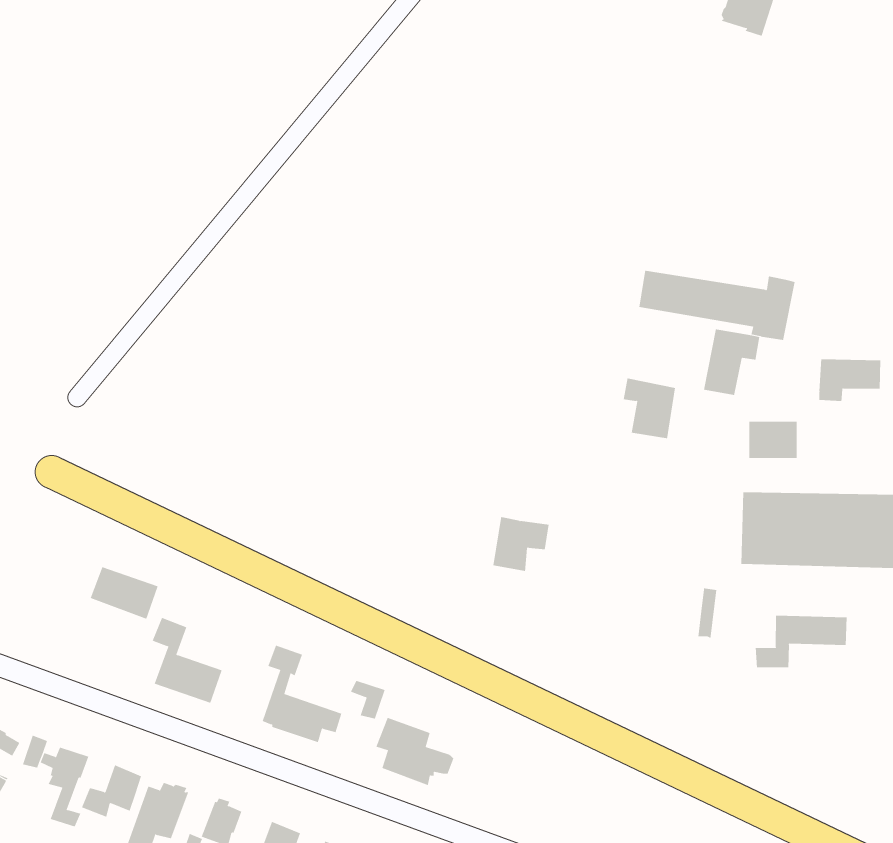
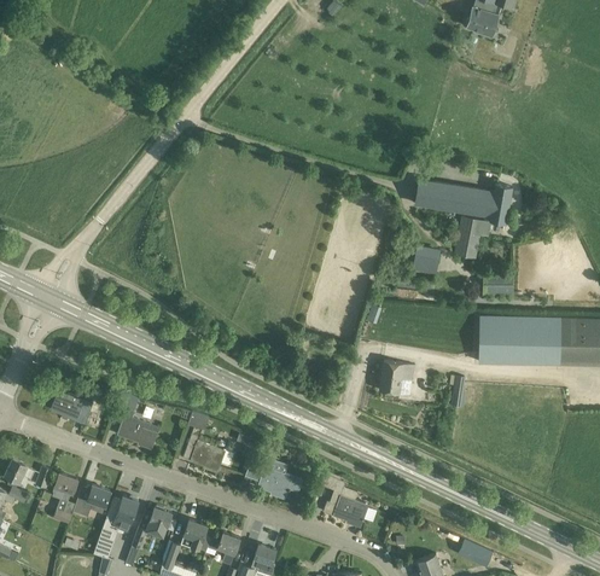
building: [819,358,881,402] -> none
building: [493,517,549,572] -> [379,360,414,394]
building: [90,567,159,620] -> [51,390,93,423]
building: [755,615,847,668] -> none
building: none -> [324,488,368,525]

